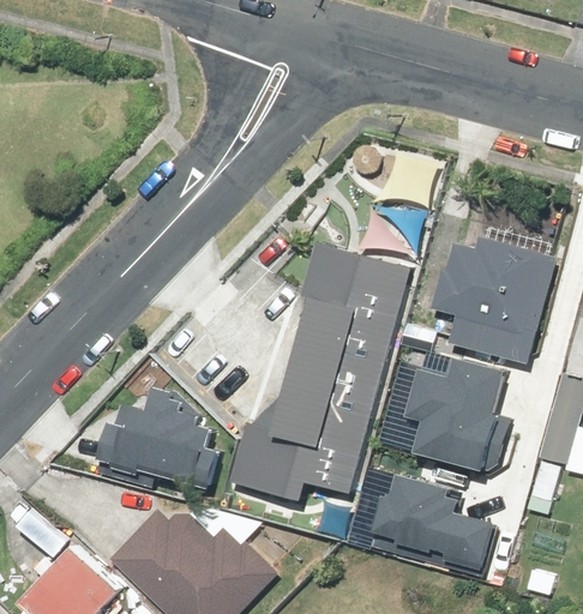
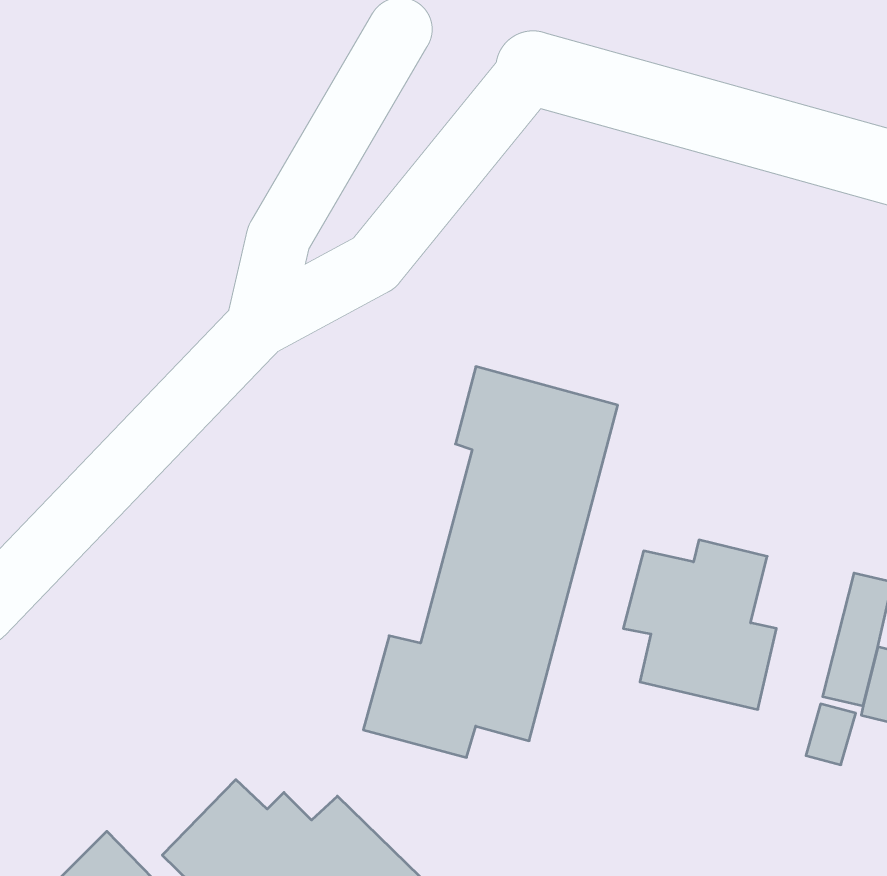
building: [431,242,549,366] -> none
building: [102,385,224,486] -> none
building: [374,472,494,561] -> none

